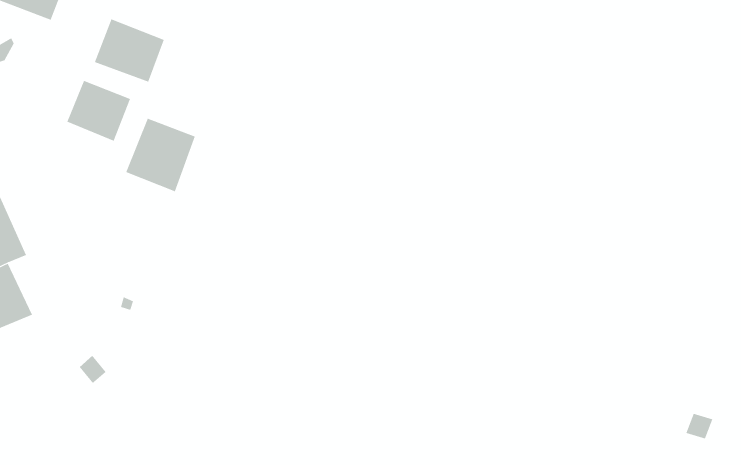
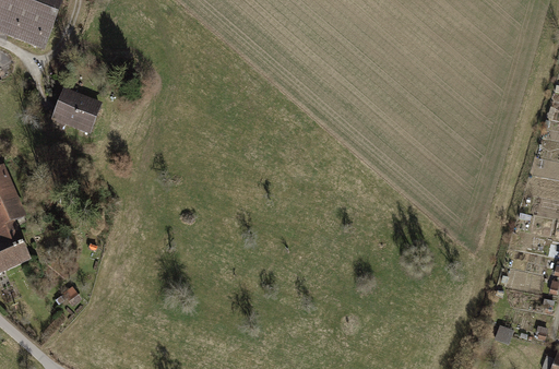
building: [94,18,164,82] -> none
building: [126,118,196,192] -> none

